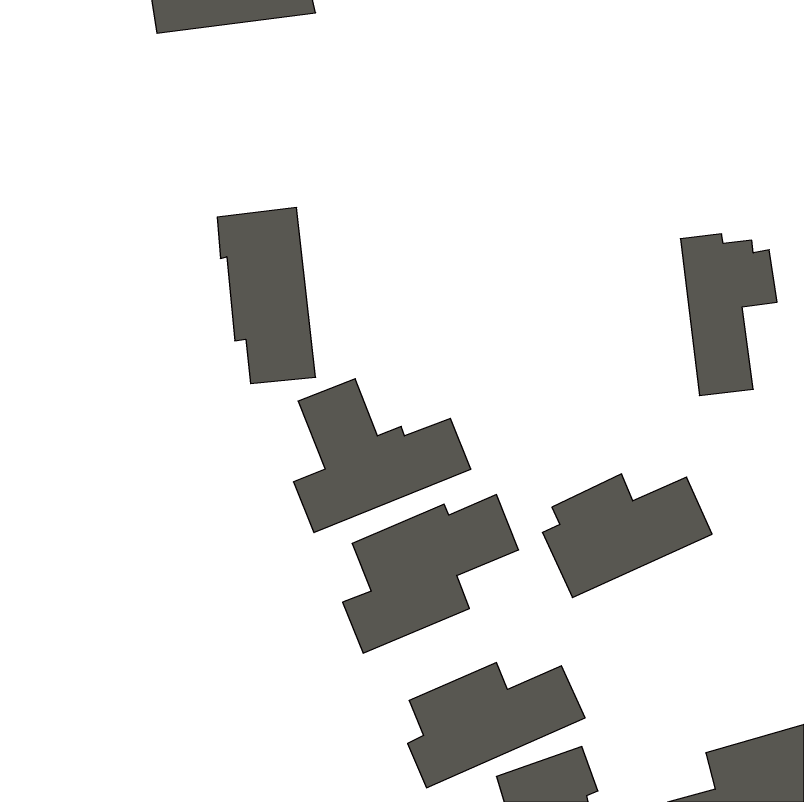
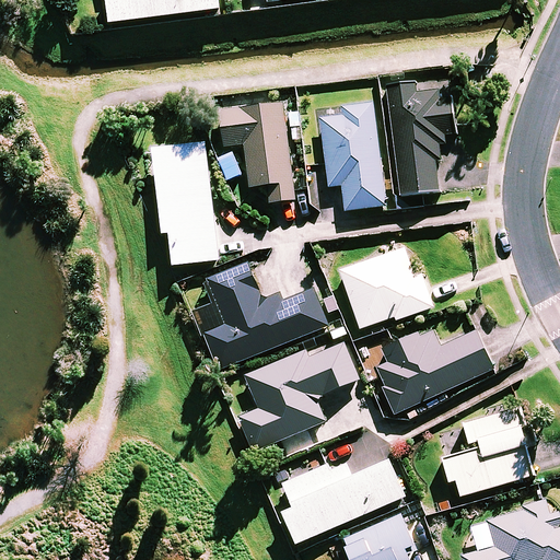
building: none -> [315,103,384,210]
building: none -> [218,104,293,201]
building: [680,234,777,396] -> [387,84,454,196]
building: none -> [339,245,431,327]
building: none -> [443,406,535,494]

